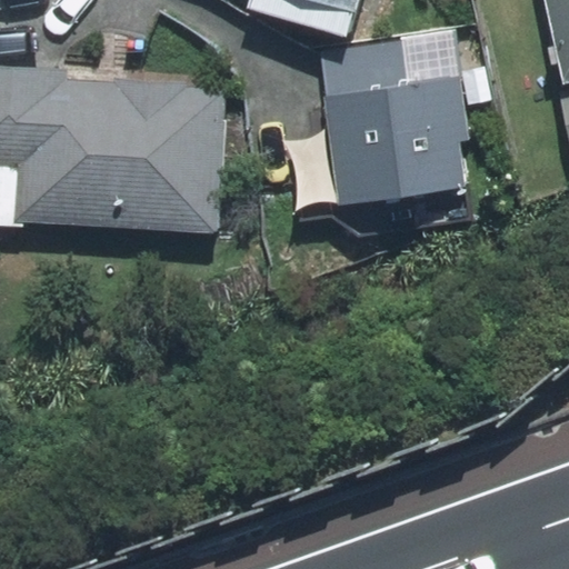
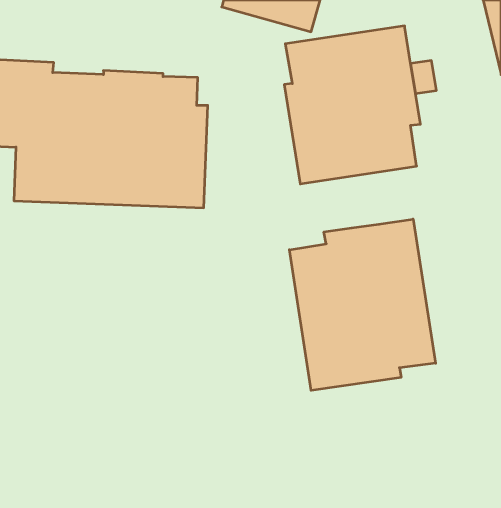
building: none -> [289,219,436,390]

